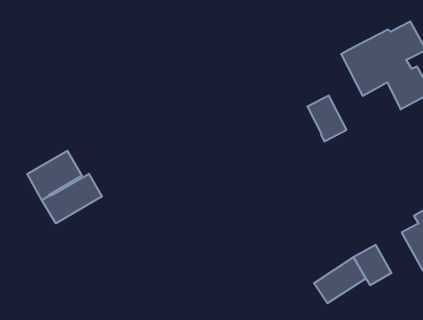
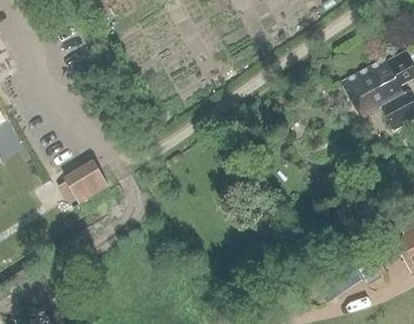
building: [307,96,346,142] -> none
building: [42,174,102,223] -> none

